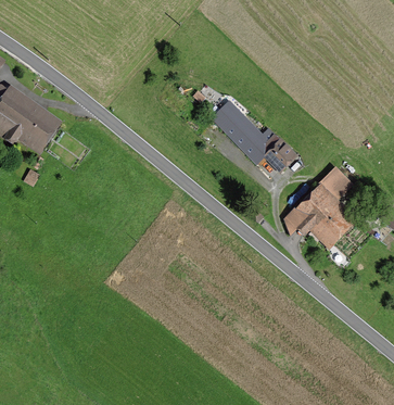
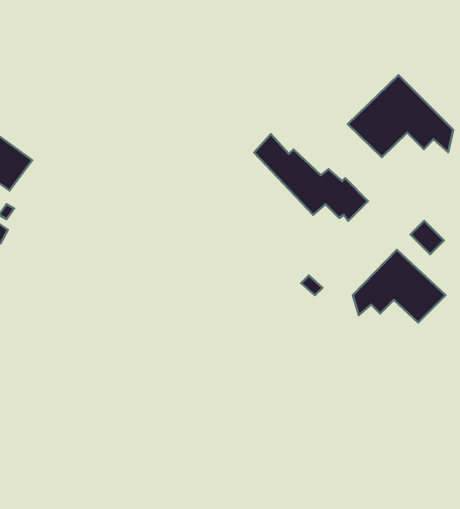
building: none -> [348,75,453,157]

